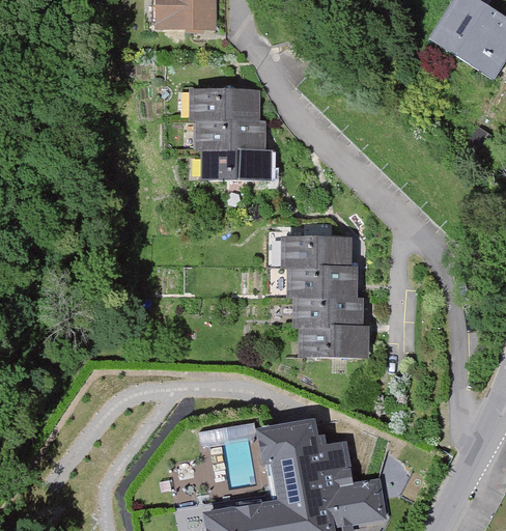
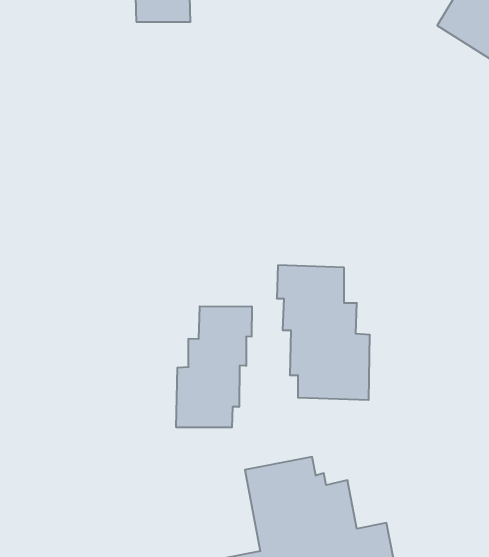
building: [195,102,263,189] -> none
building: none -> [176,306,252,427]

